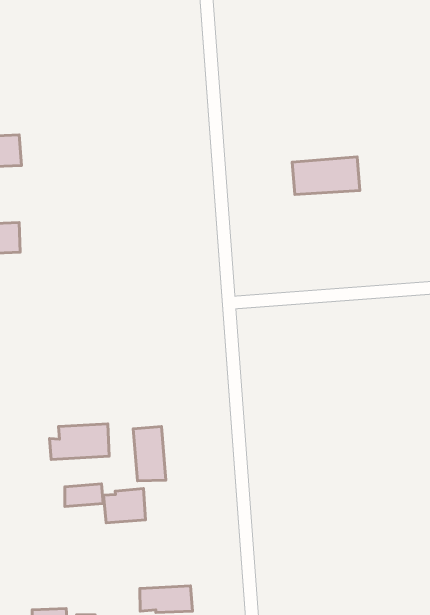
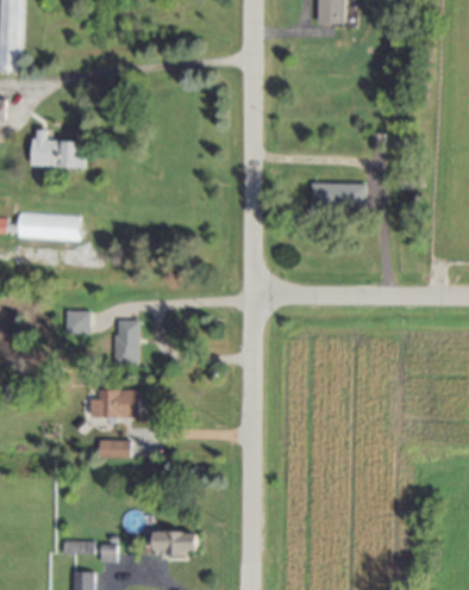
building: none -> [65,310,89,334]
building: [133,427,166,481] -> [114,319,138,365]
building: [103,488,146,523] -> none

